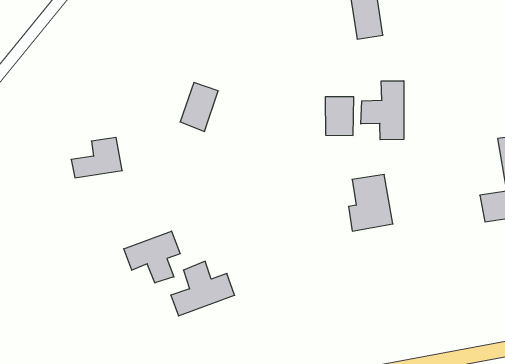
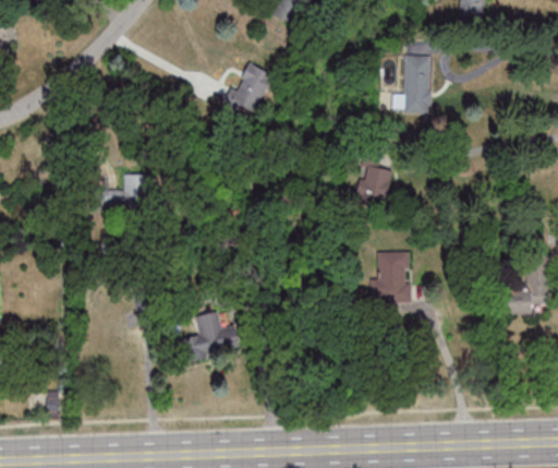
building: [361,81,404,140] -> none
building: [180,82,218,131] -> [229,63,271,113]
building: [124,231,180,283] -> none

